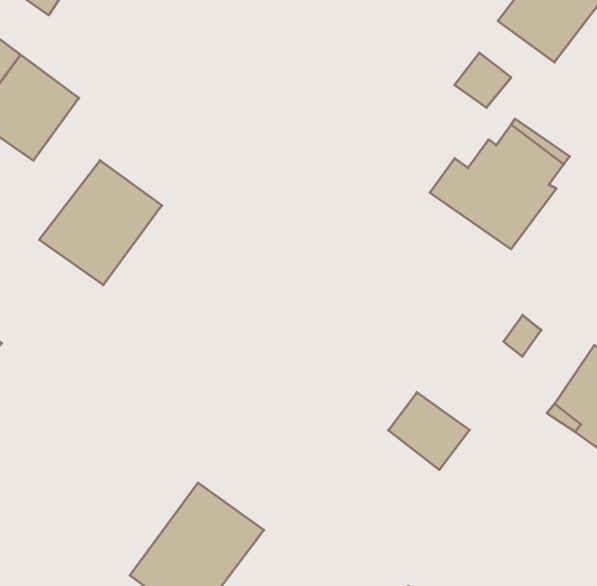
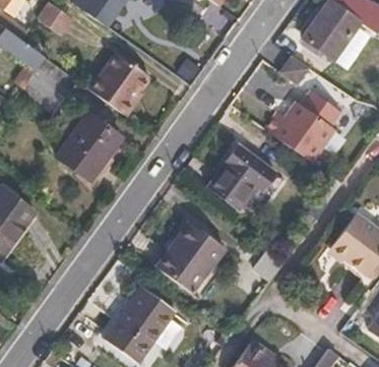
building: none -> [88,50,149,114]
building: none -> [208,145,282,209]
building: none -> [155,222,224,291]

